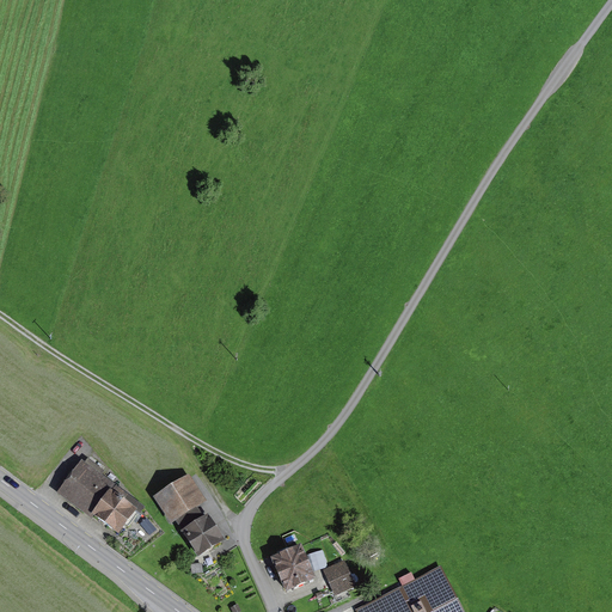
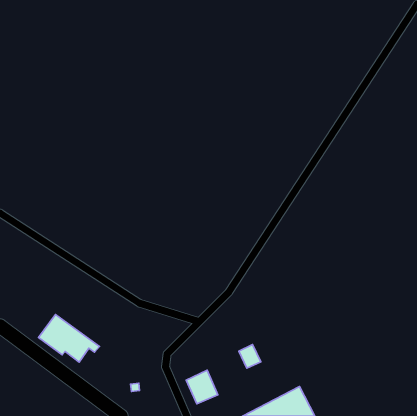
building: [153,473,226,556] -> none
building: [324,559,356,594] -> [239,345,261,368]

